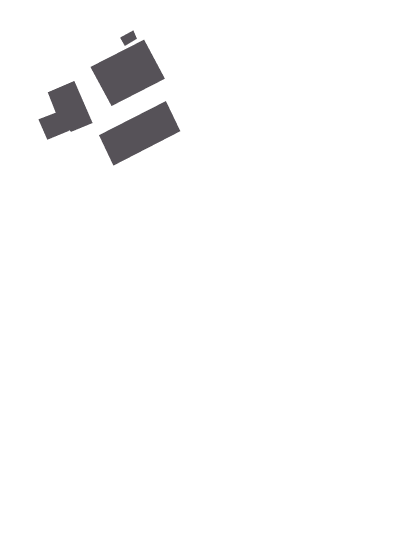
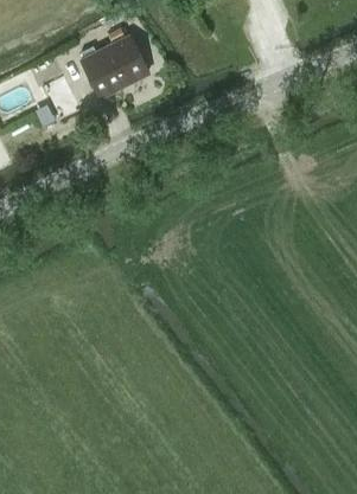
building: [98,100,181,166] -> none

